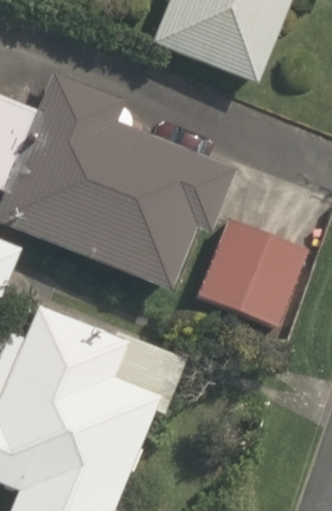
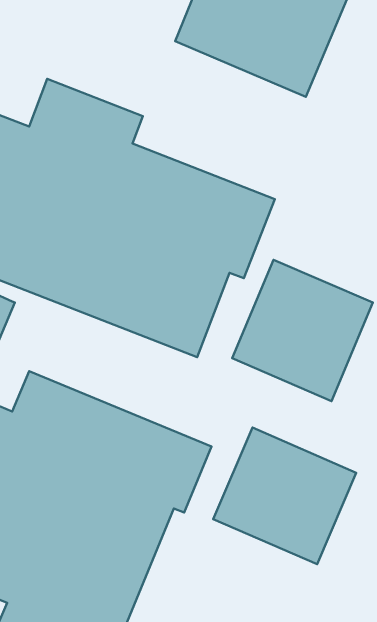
building: none -> [213,428,356,564]

